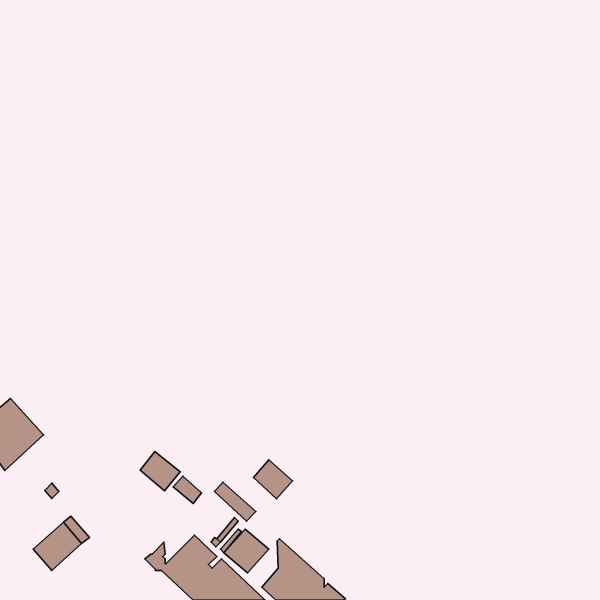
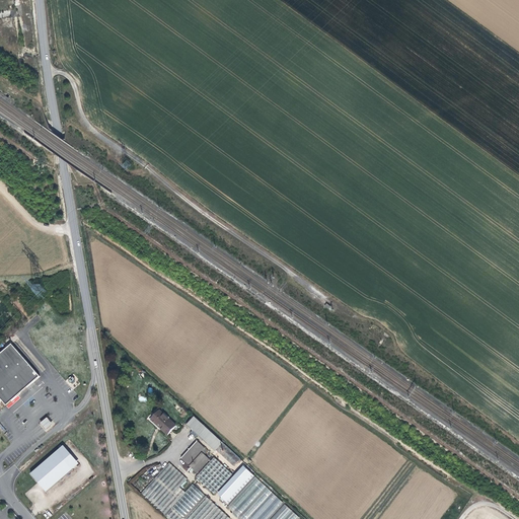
building: [140,451,180,491] -> none
building: [254,460,293,499] -> none

